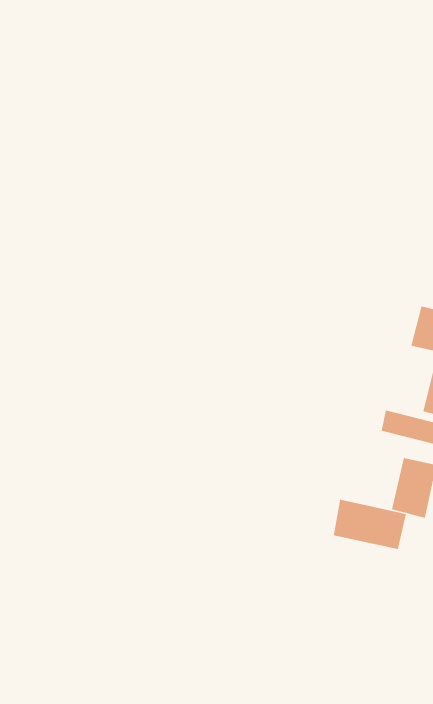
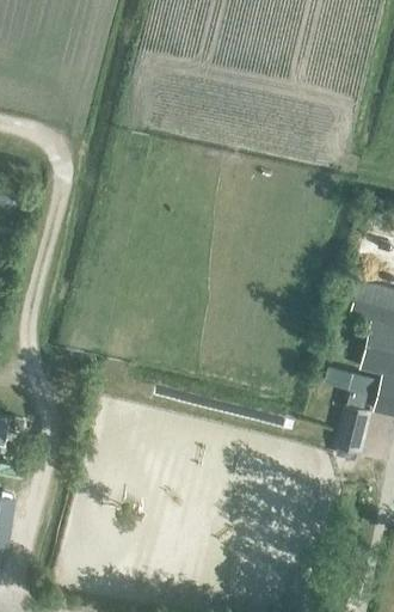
building: [333,499,407,550] -> none

